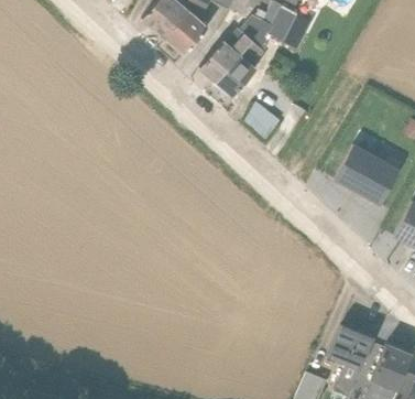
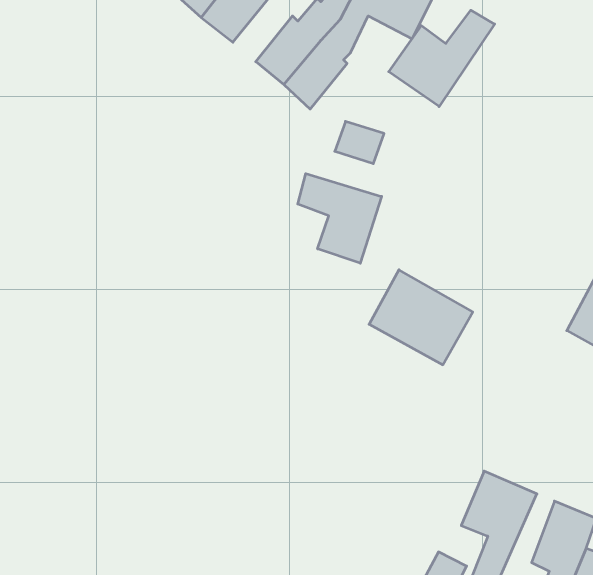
building: none -> [389,10,495,107]
building: none -> [298,174,382,263]
building: [332,143,397,203] -> [369,270,473,365]

